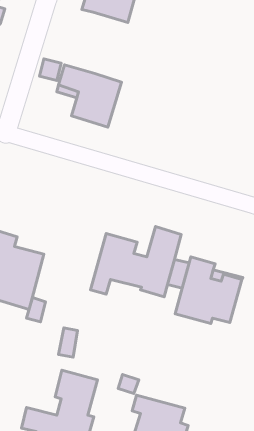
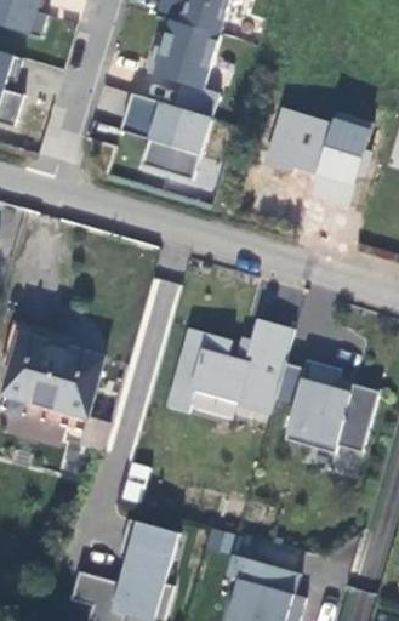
building: none -> [147,18,221,116]
building: none -> [264,104,370,204]

